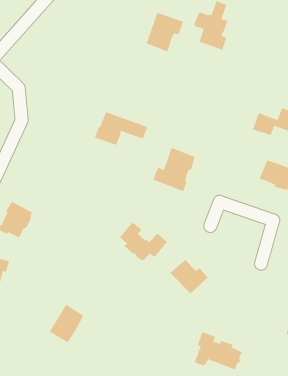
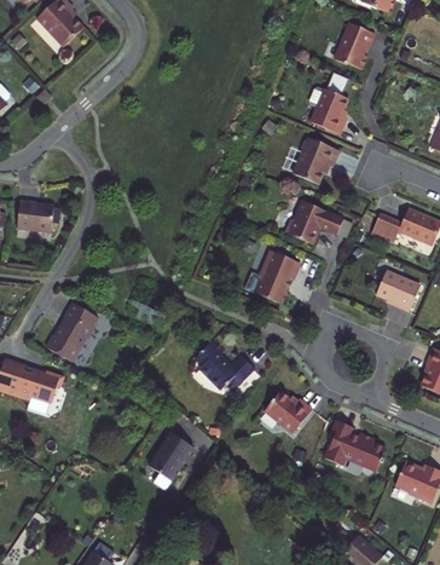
building: [146,12,184,52] -> [293,133,341,183]
building: [94,112,148,146] -> [285,202,352,244]
building: [49,304,84,343] -> [155,432,199,480]
building: [194,331,242,370] -> [328,420,388,469]

